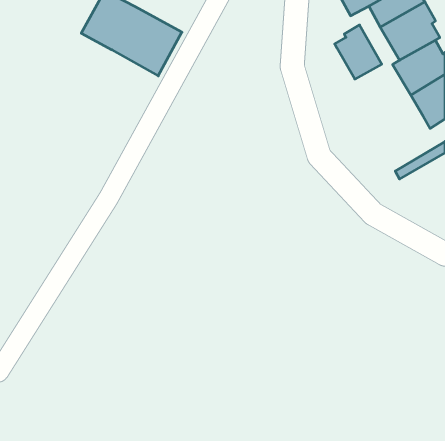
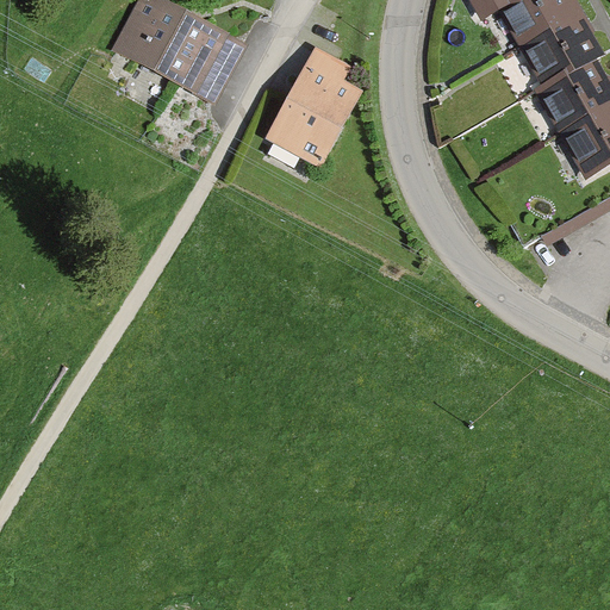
building: [335,25,382,79] -> none
building: none -> [266,45,361,168]

